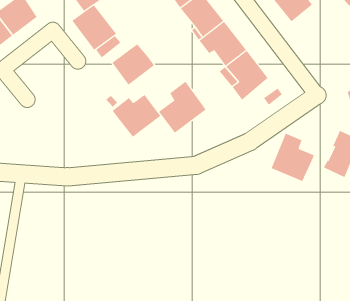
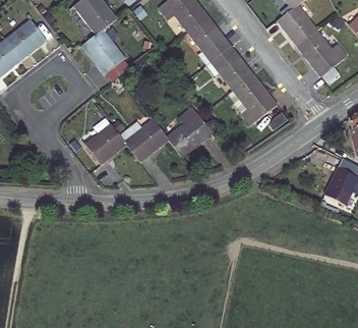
building: none -> [297,30,349,78]
building: [112,43,155,86] -> [83,121,126,163]
building: [271,133,315,182] -> none

